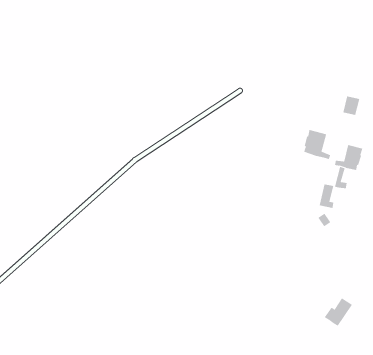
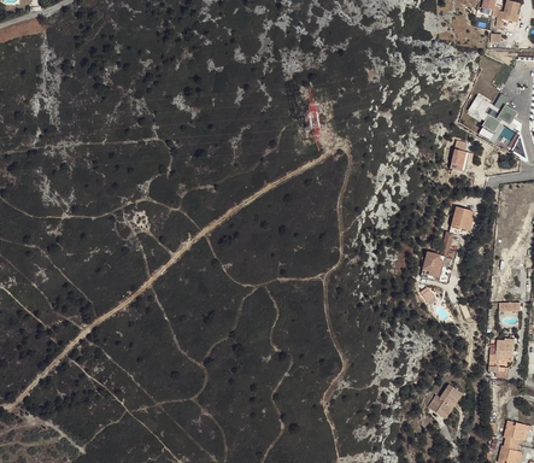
building: [303,129,331,160] -> none

